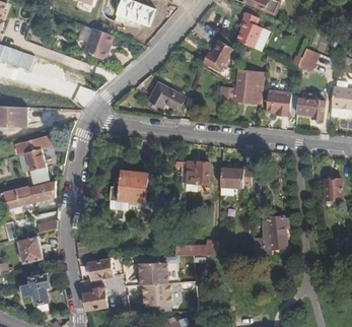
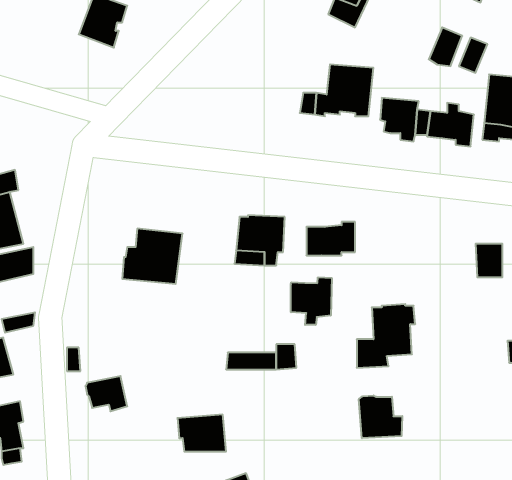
building: [202,41,231,71] -> none
building: [149,82,185,110] -> none
building: none -> [291,277,332,325]
building: [139,261,179,284] -> none
building: none -> [359,395,402,438]
building: [83,287,107,310] -> none

